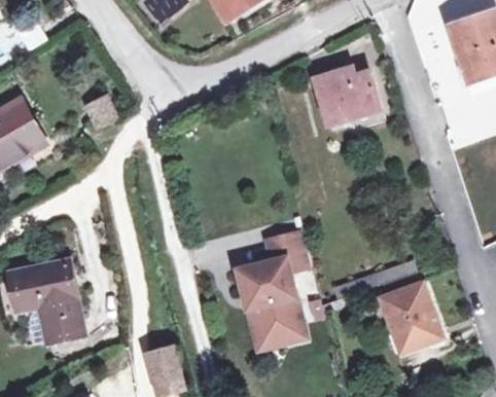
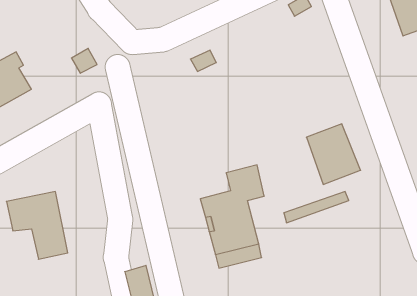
building: [314,67,380,124] -> none
building: [380,283,442,353] -> [306,124,361,184]

